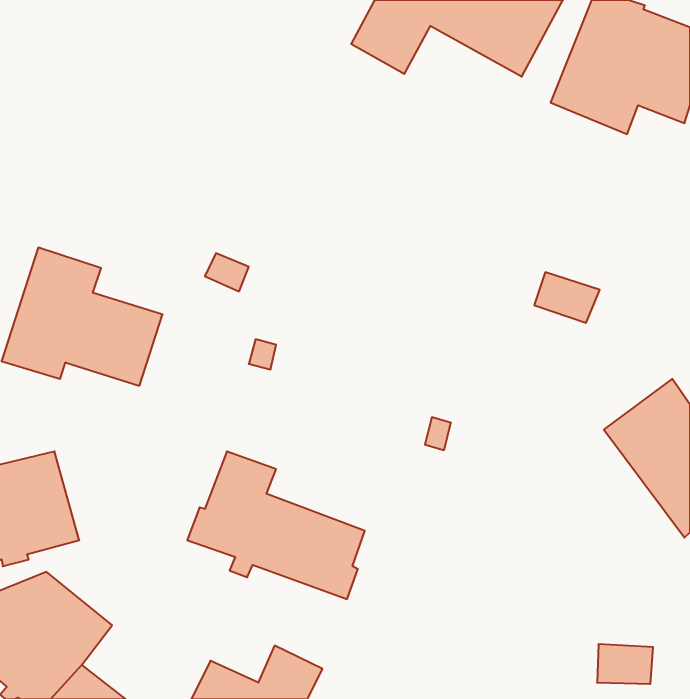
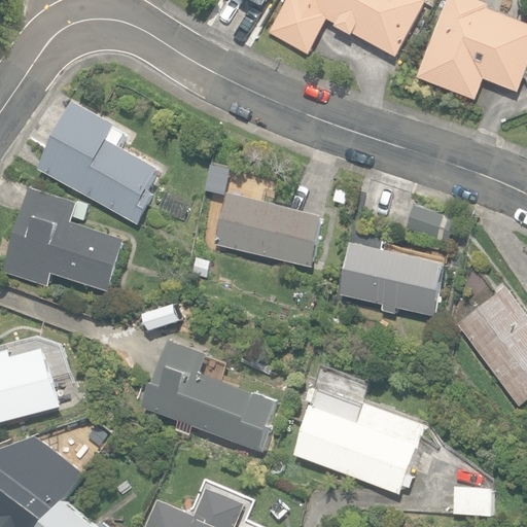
building: none -> [37,99,161,224]
building: none -> [213,191,323,266]
building: none -> [339,241,445,315]
building: none -> [294,382,418,493]

